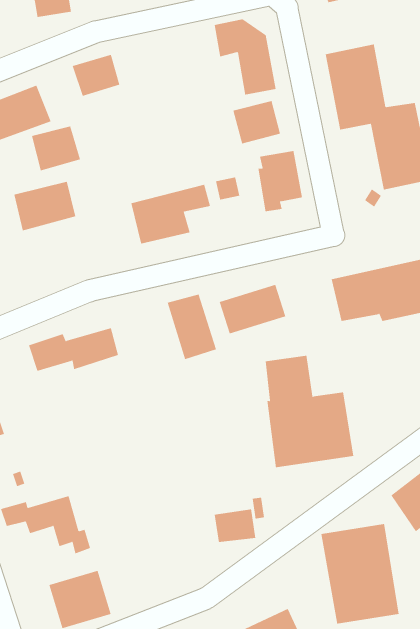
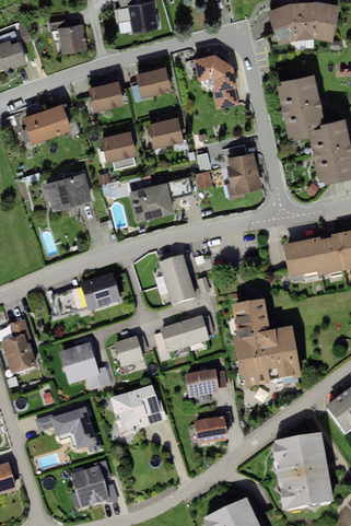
building: none -> [137,66,172,96]
building: [233,100,281,144] -> [147,115,183,148]
building: [31,126,81,171] -> [100,130,137,164]
building: [219,284,286,334] -> [160,318,210,355]
building: none -> [114,339,143,370]
building: none -> [59,346,112,391]
building: none -> [187,371,225,399]
building: none -> [110,386,164,433]

